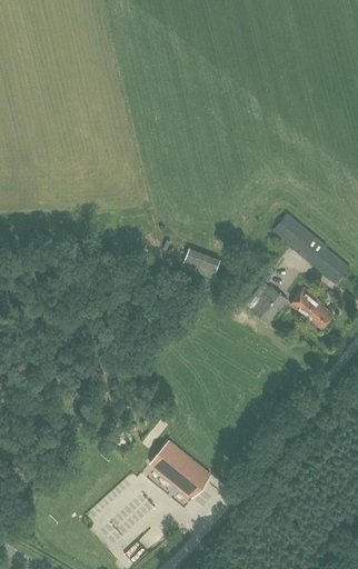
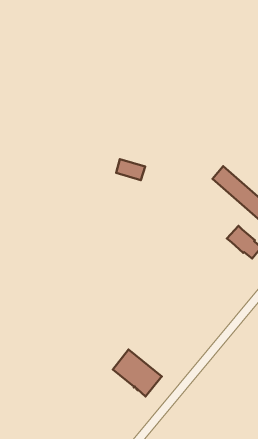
building: [186,251,221,277] -> [116,159,145,180]
building: [251,286,288,323] -> none

